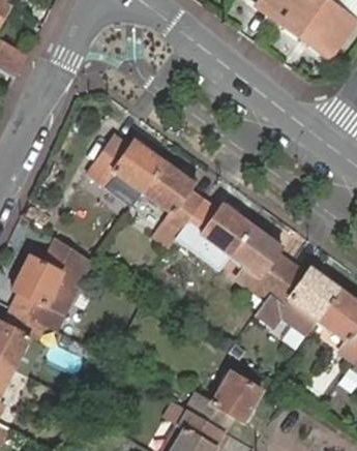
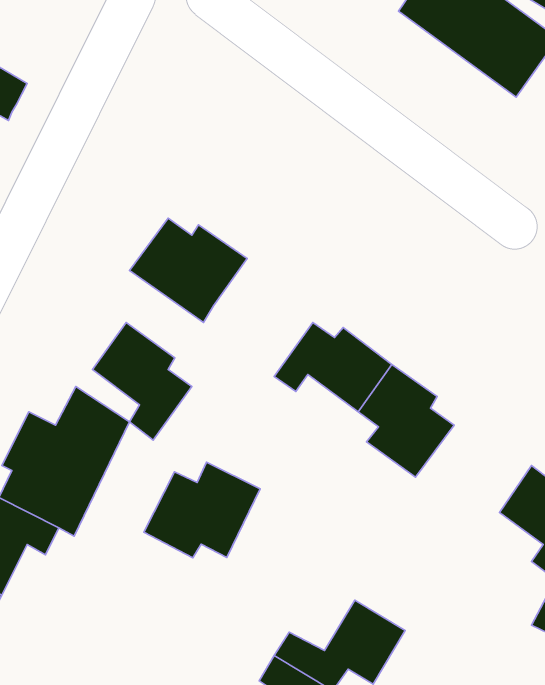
building: [144,161,205,234] -> [93,323,192,440]
building: [256,264,339,333] -> none
building: none -> [144,462,260,558]

